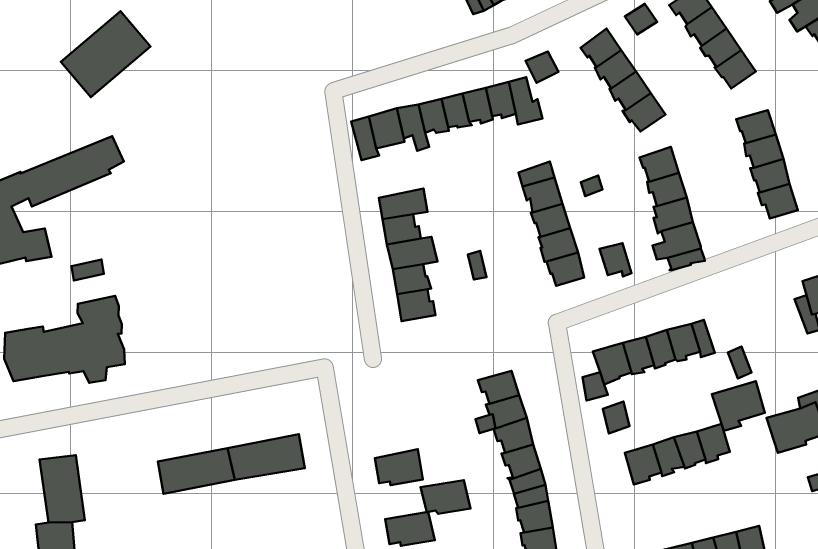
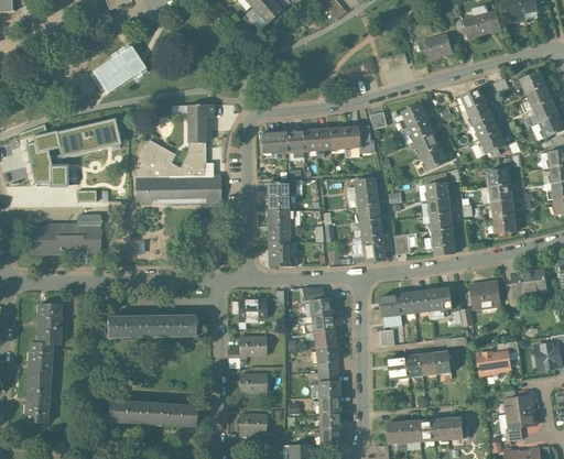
building: none -> [135,105,220,205]
building: [712,381,765,431] -> [470,283,500,309]
building: [421,480,470,514] -> [238,300,265,318]

